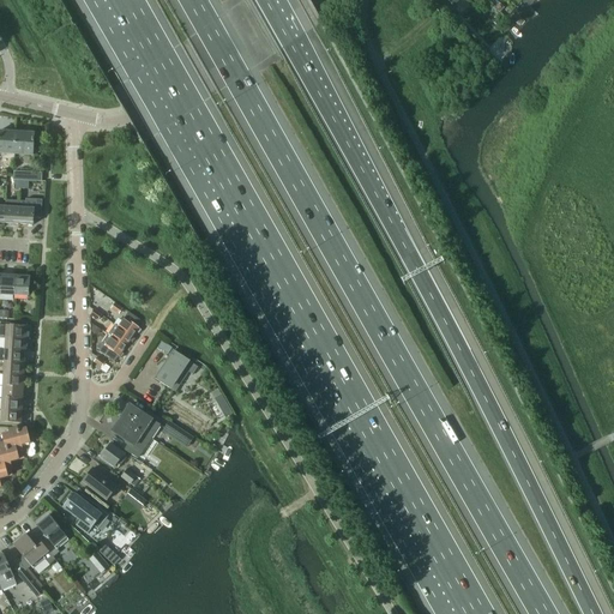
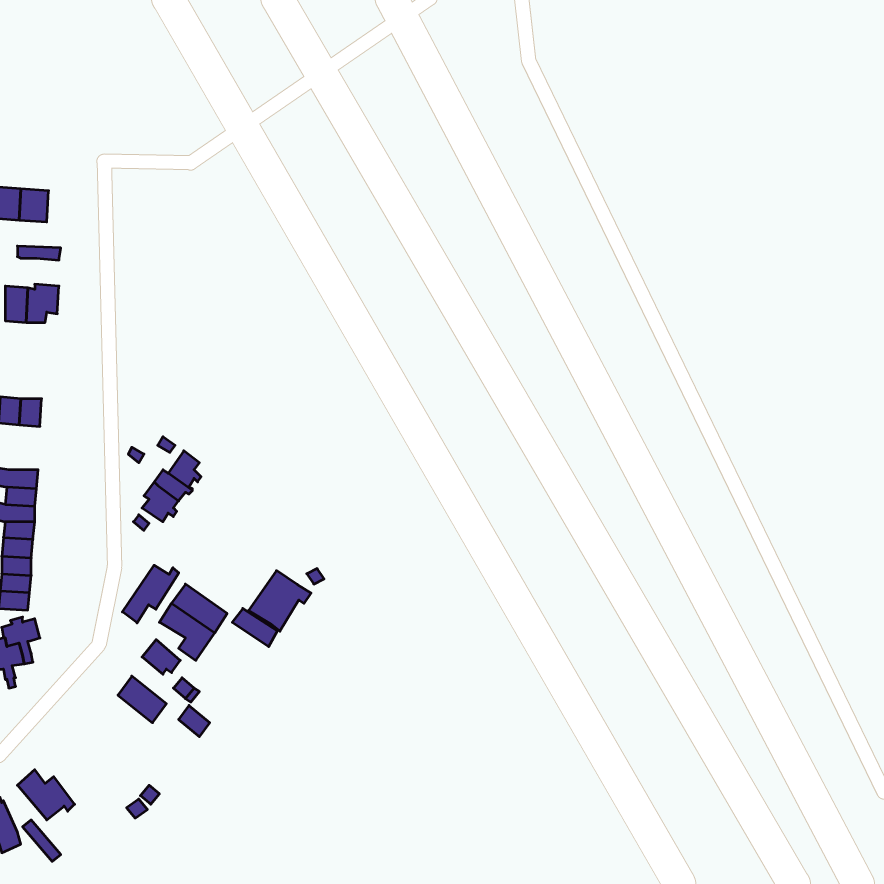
building: [152,350,195,392] -> [249,571,311,631]
building: none -> [122,565,179,623]
building: [61,492,106,534] -> none
building: [35,514,67,556] -> none

